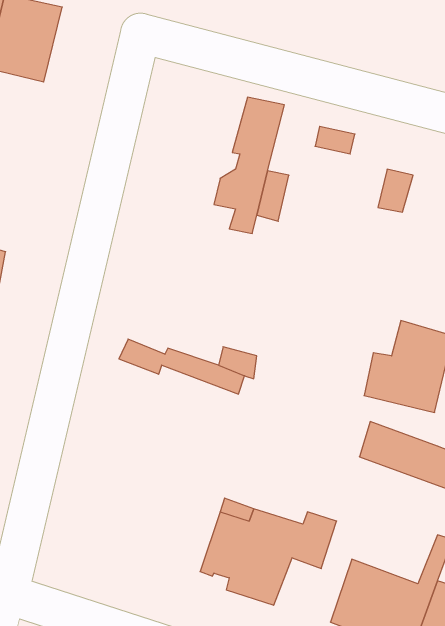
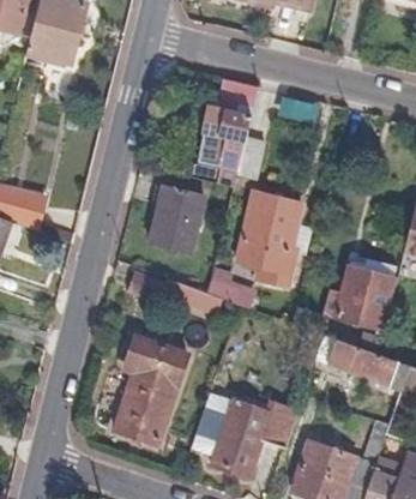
building: none -> [150,184,206,248]
building: none -> [239,187,303,283]
building: none -> [116,336,191,444]

